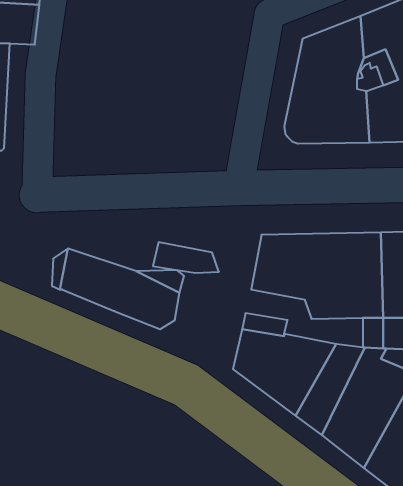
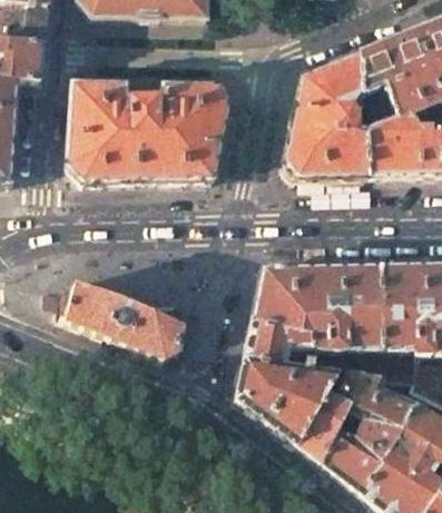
building: none -> [67,79,228,180]
building: [153,242,219,273] -> [247,318,312,348]

